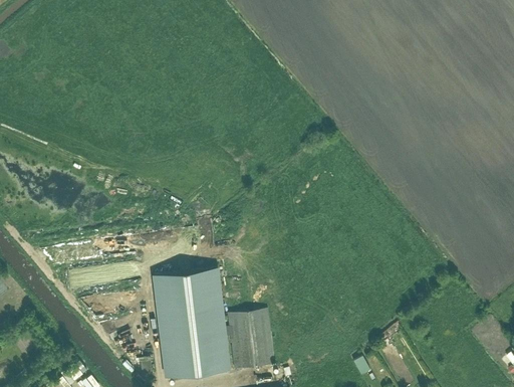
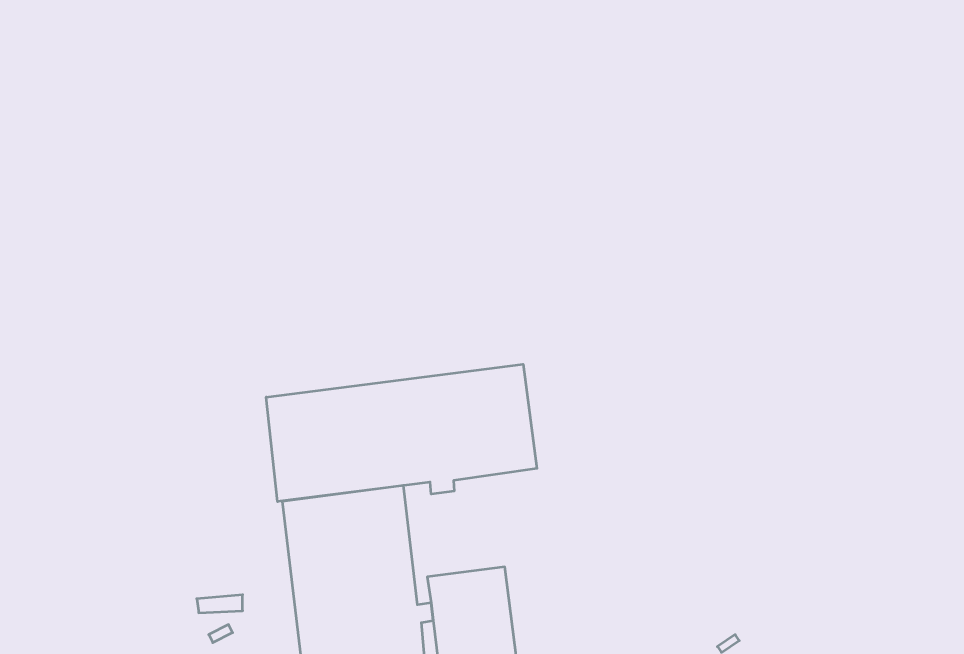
building: none -> [266,364,537,502]

